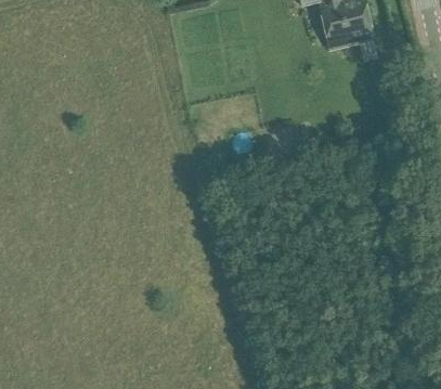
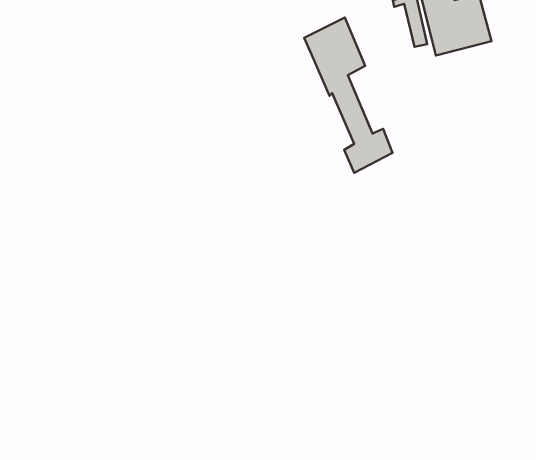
building: none -> [304,18,392,173]

